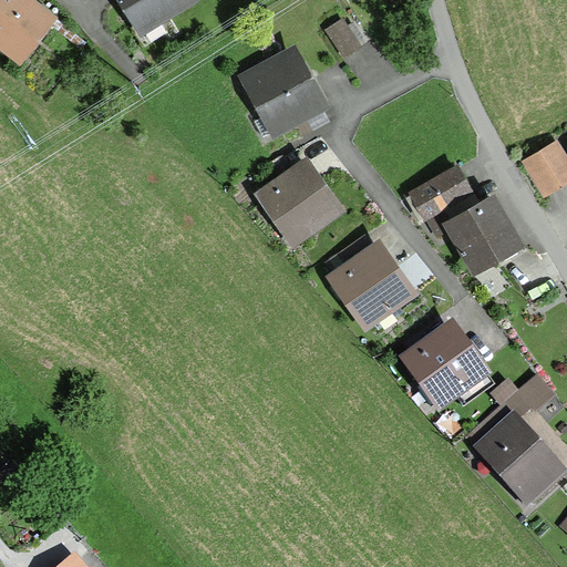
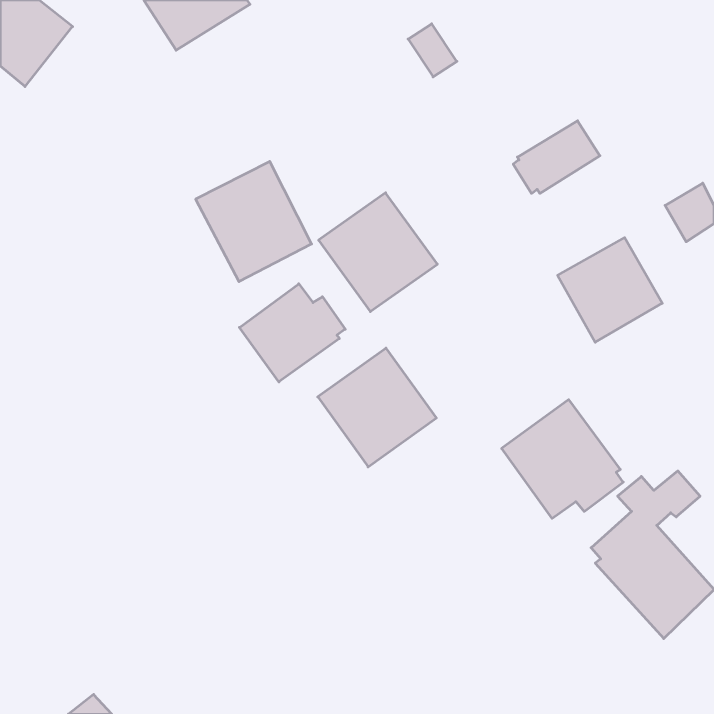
building: [237,45,329,141] -> [196,161,312,282]
building: [404,162,473,219] -> [513,121,600,193]
building: none -> [239,284,345,382]
building: [324,234,419,328] -> [318,348,436,467]

